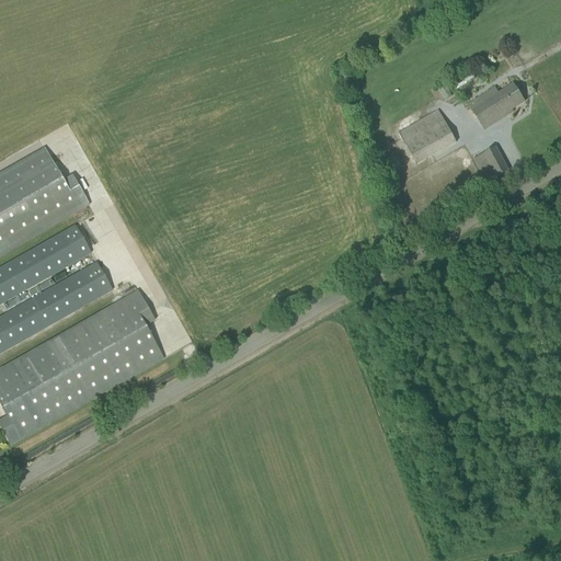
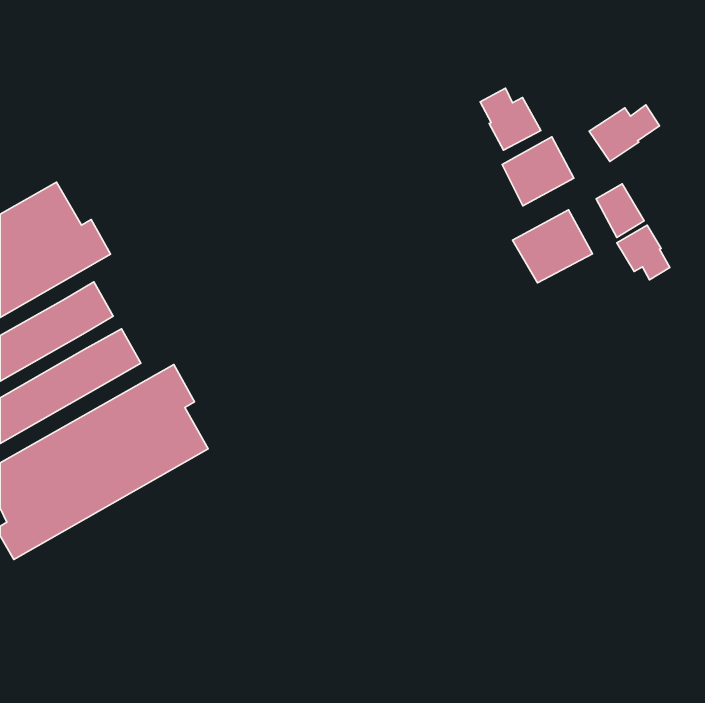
building: none -> [480,88,541,150]
building: none -> [513,210,593,283]
building: none -> [617,225,670,280]

